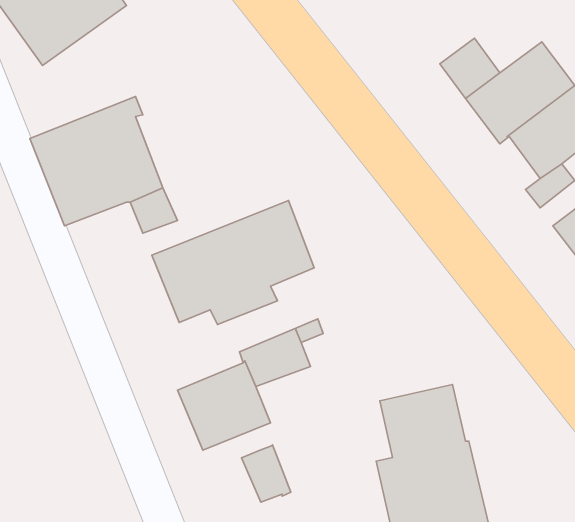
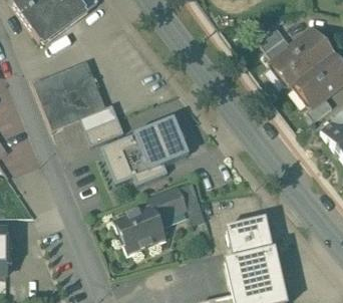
building: [242,445,291,502] -> none

